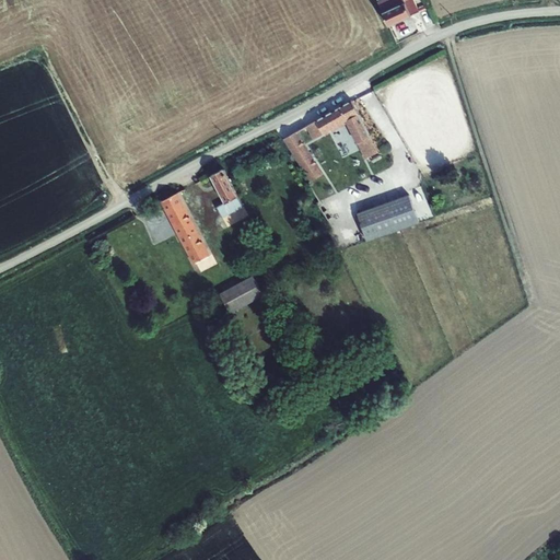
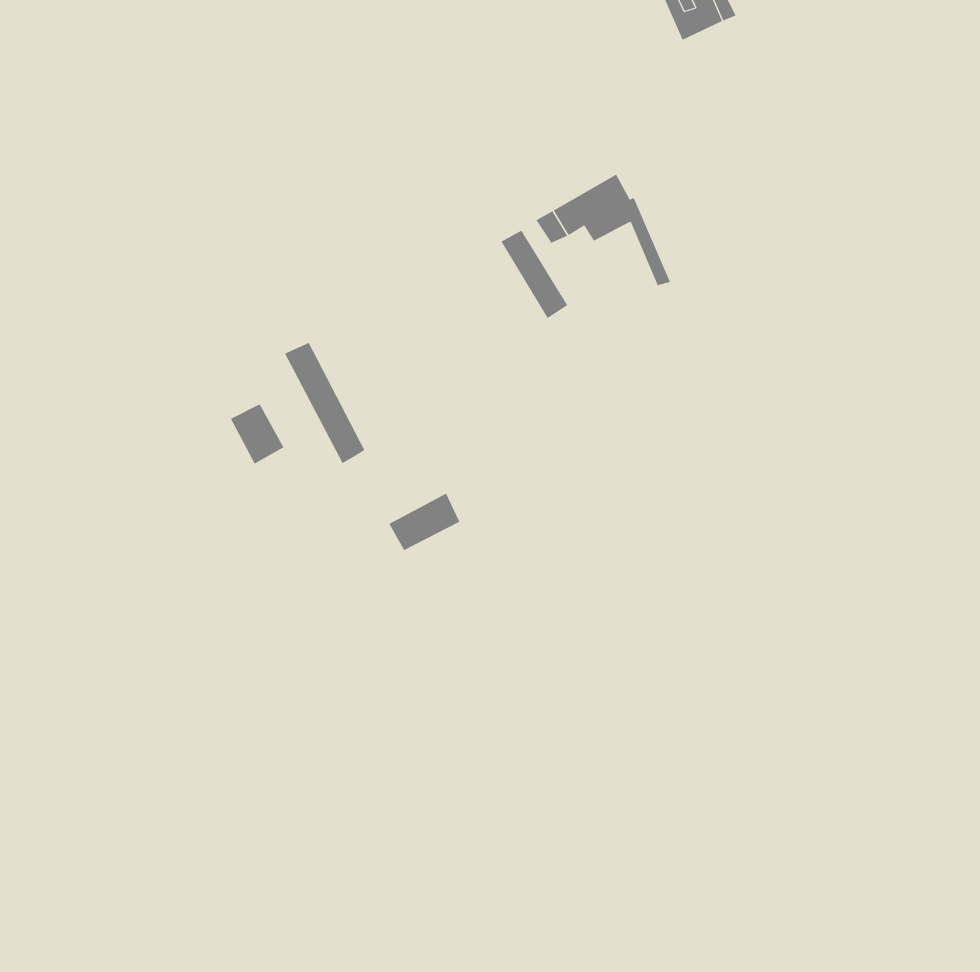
building: [209,167,241,217] -> none
building: [358,197,418,241] -> none
building: none -> [230,404,284,465]

